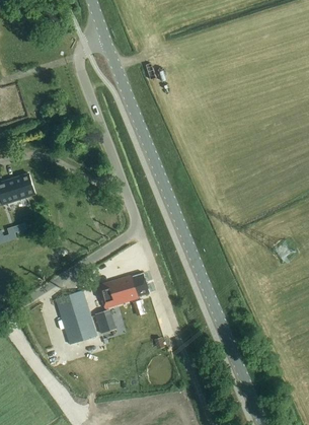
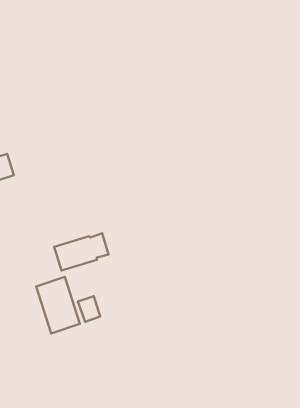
building: [97,272,149,307] -> [54,233,109,270]

